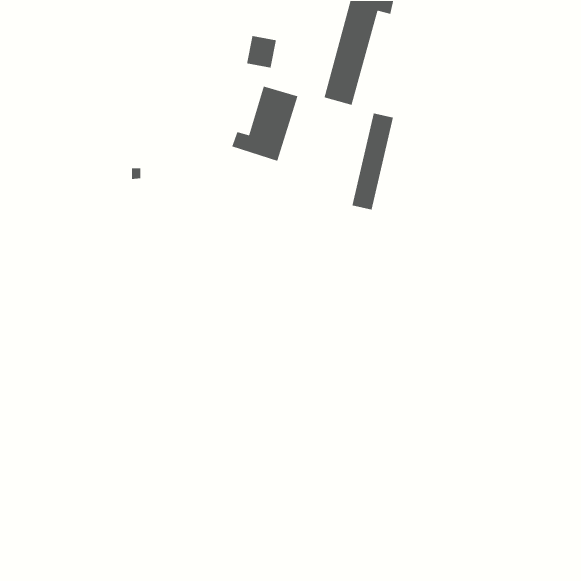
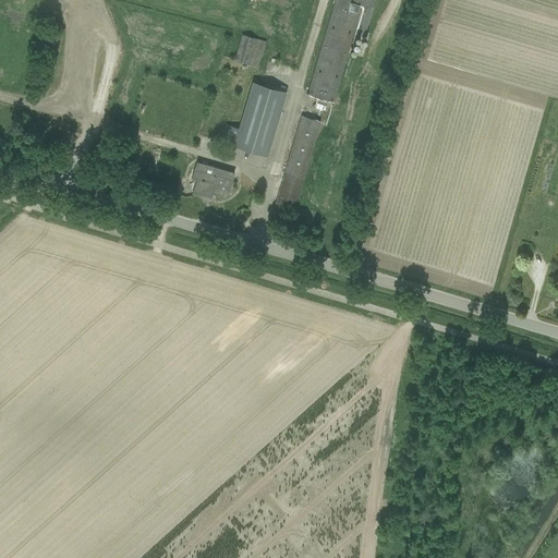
building: [352,112,394,210] -> [279,116,319,209]
building: none -> [193,163,235,198]

